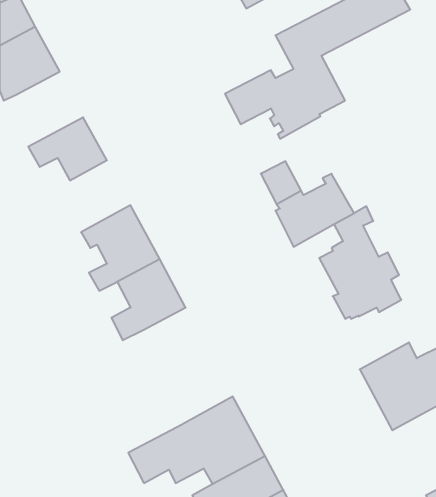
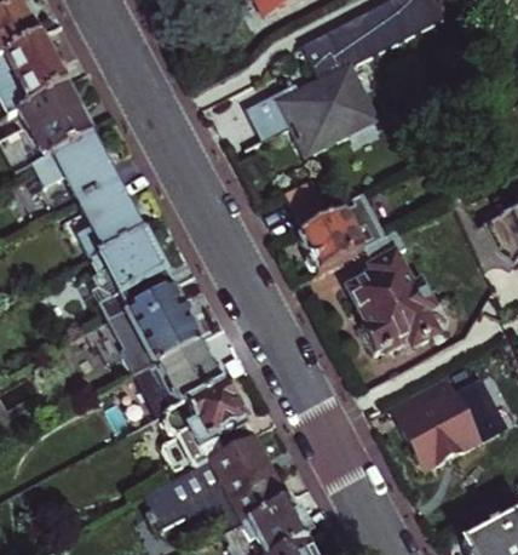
building: none -> [19,82,92,164]
building: none -> [77,178,143,256]
building: none -> [156,337,253,465]

